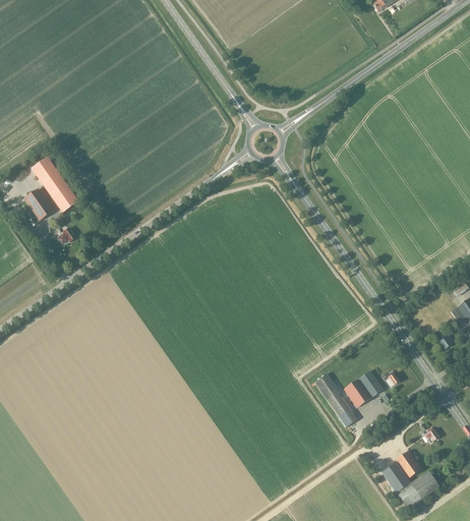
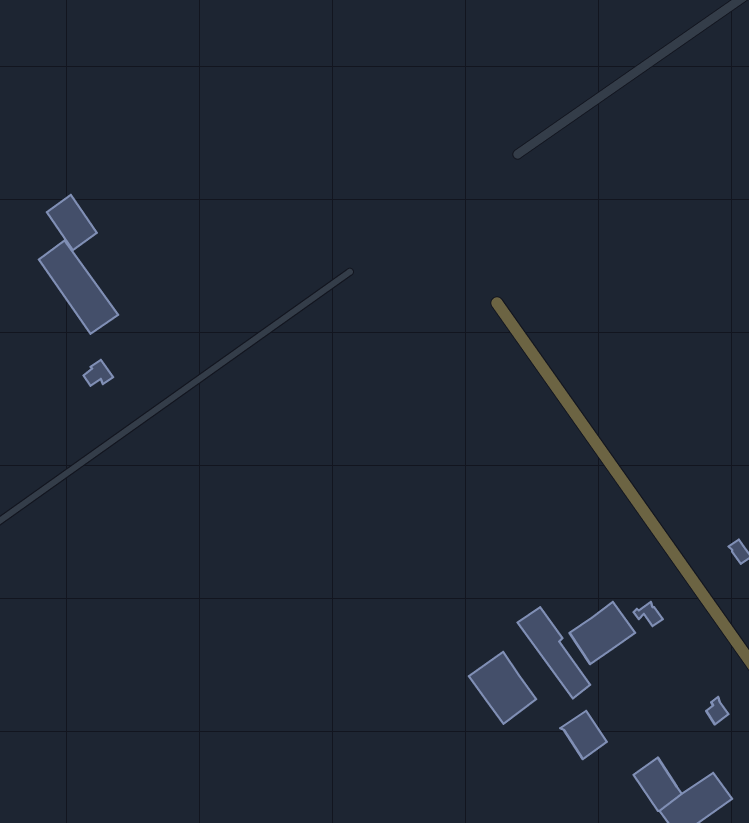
building: [23,187,53,220] -> [47,195,97,250]
building: none -> [469,652,536,724]
building: [394,450,421,478] -> [560,711,607,759]

